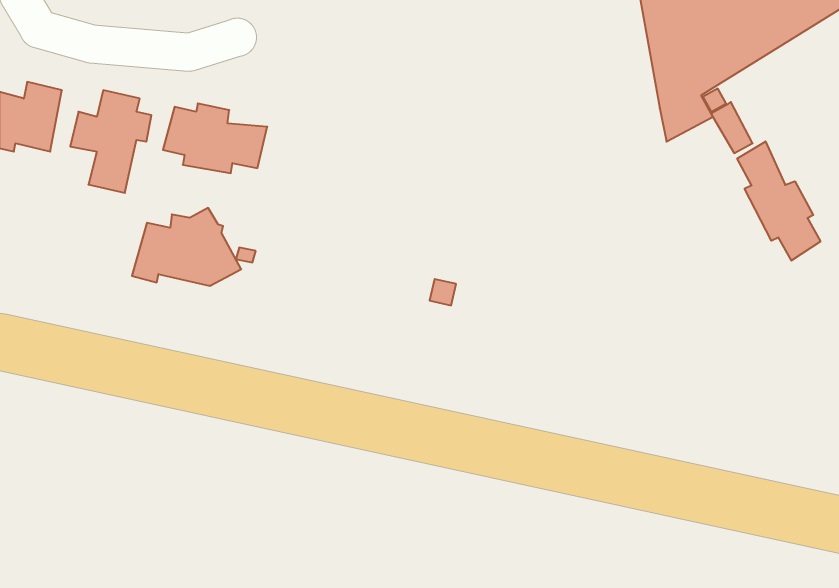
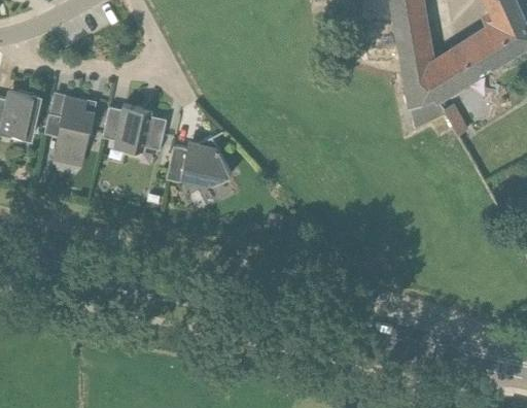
building: [737,141,820,261] -> none
building: [132,208,241,286] -> [164,136,232,184]

